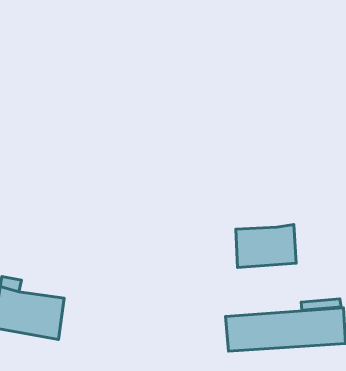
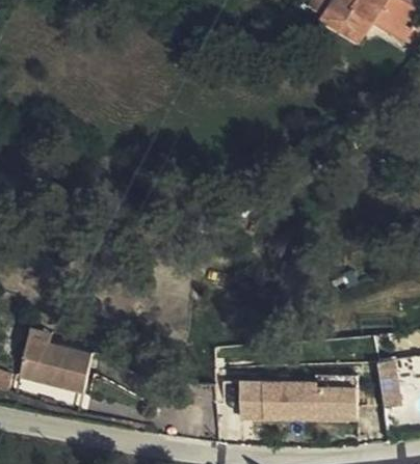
building: [236,224,296,267] -> none

